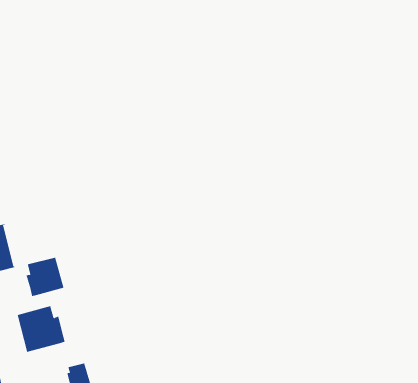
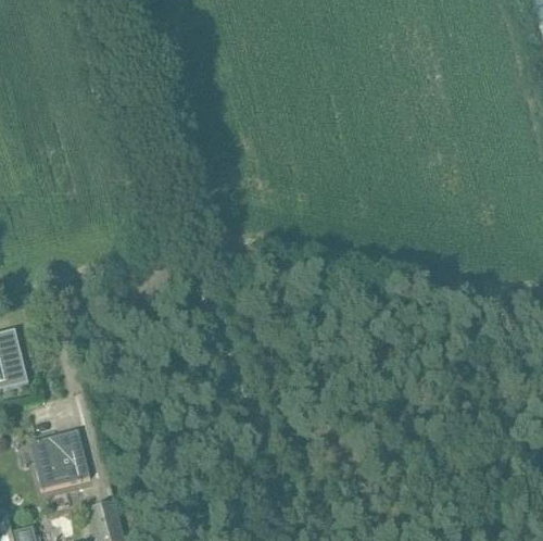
building: [26,257,64,297] -> none

